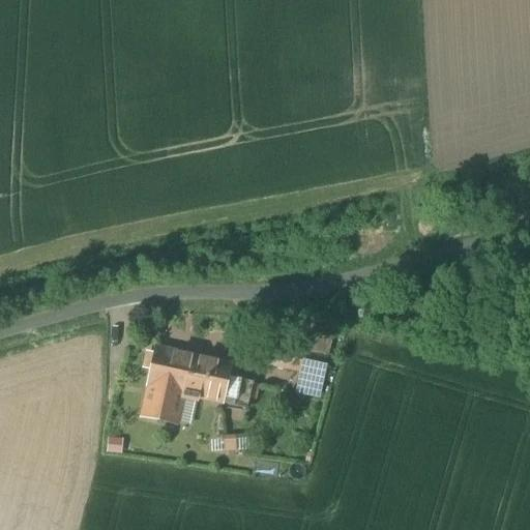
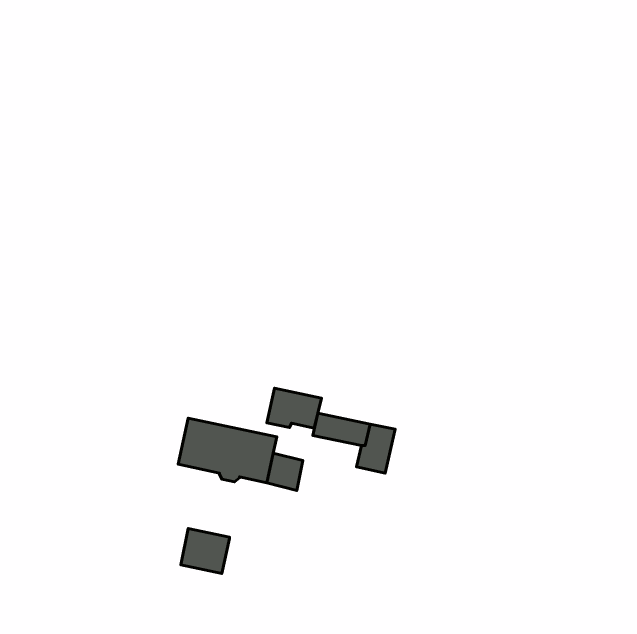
building: none -> [267,388,321,428]
building: [142,385,182,422] -> [181,528,229,573]

